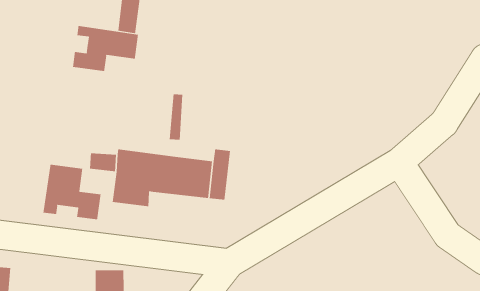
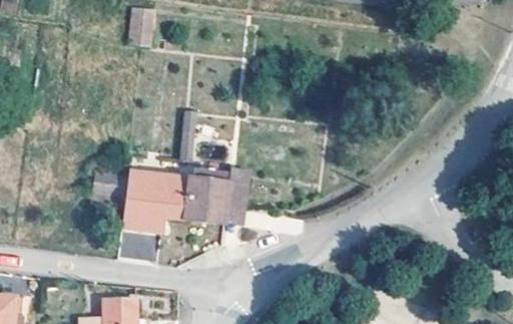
building: [72,25,139,72] -> none
building: [43,164,101,220] -> none

